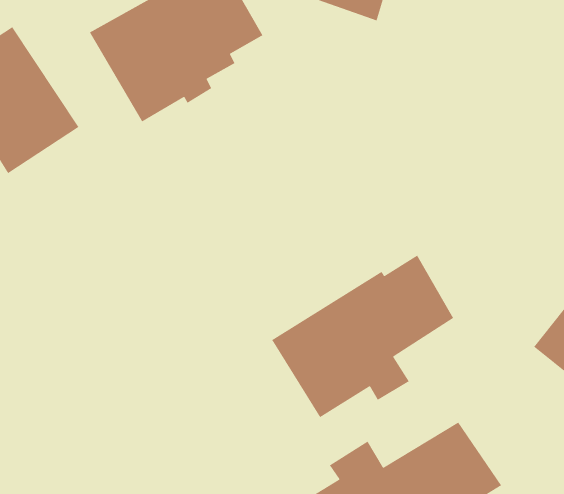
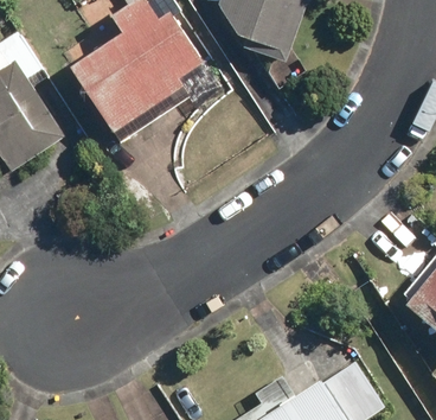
building: [271,255,454,418] -> none

